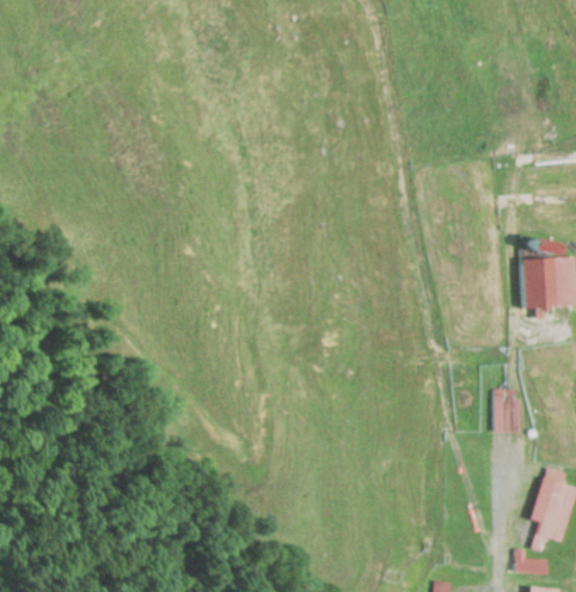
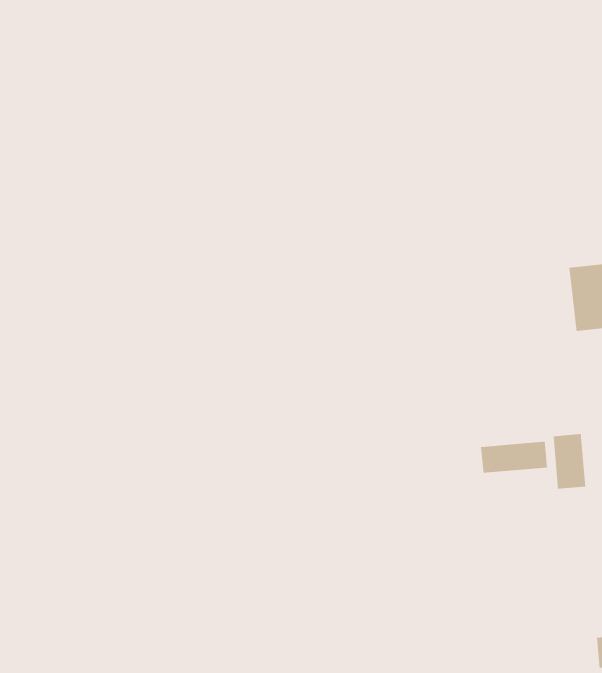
building: none -> [481,441,548,474]

